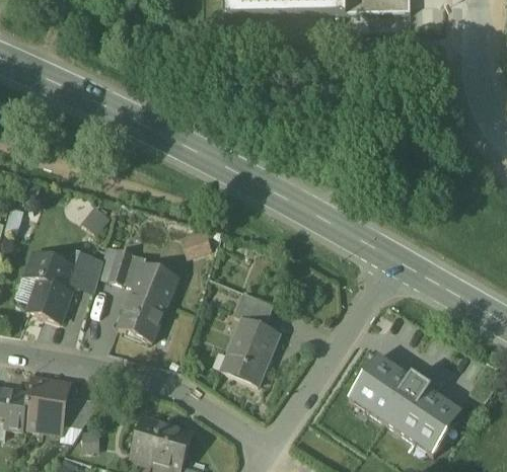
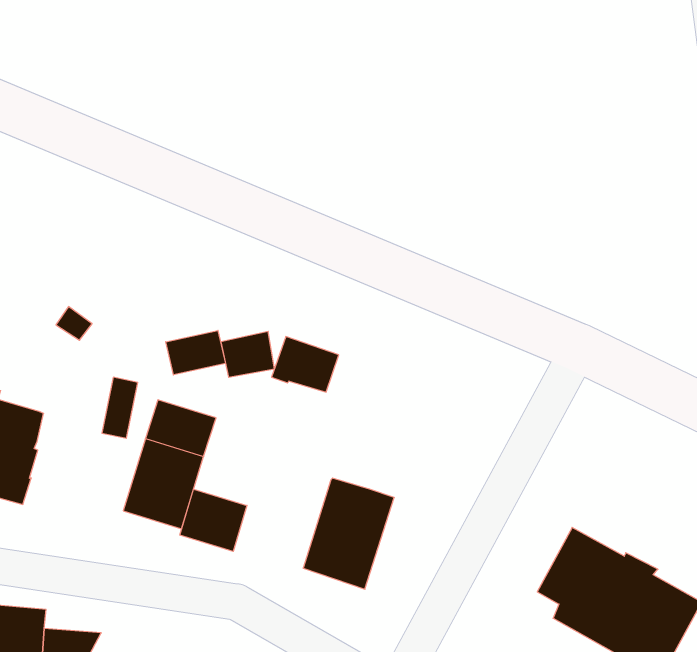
building: none -> [166,330,226,375]
building: [70,252,101,292] -> none
building: [232,292,273,326] -> [272,337,339,392]
building: none -> [180,489,247,551]

